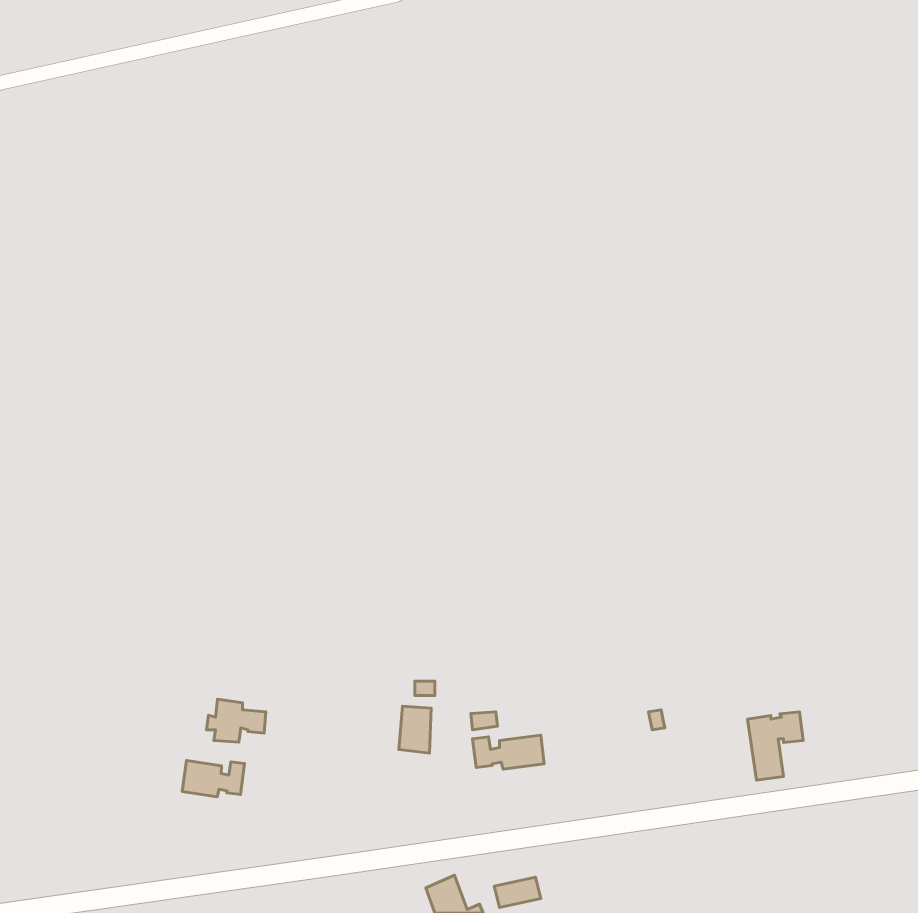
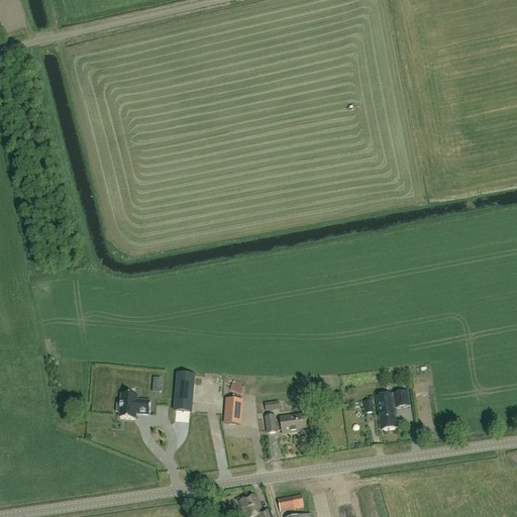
building: none -> [175,373,195,402]
building: [747,712,803,780] -> [377,390,408,428]
building: [182,760,245,797] -> none

